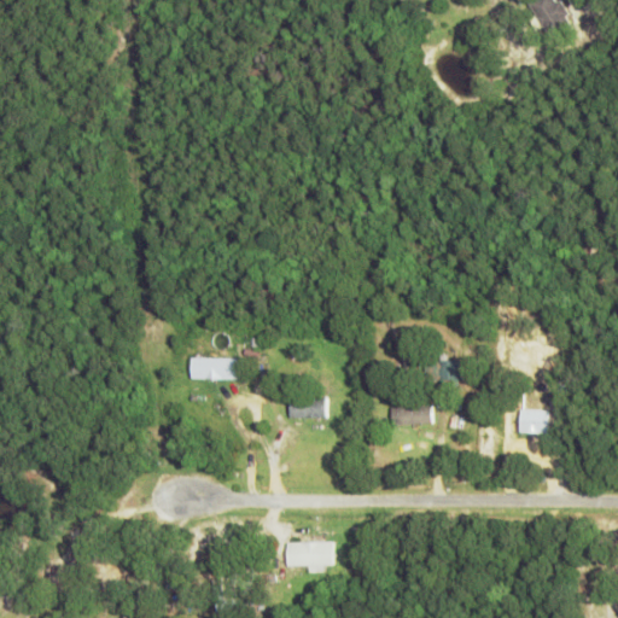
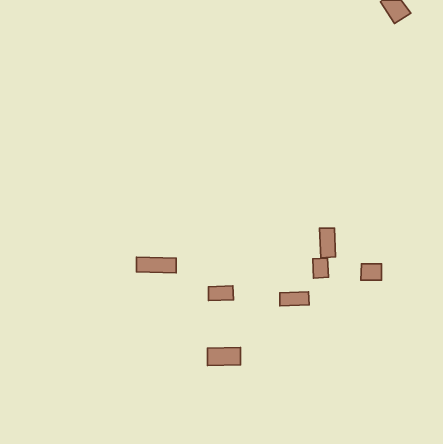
building: none -> [319,228,336,258]
building: [518,409,547,432] -> [361,264,382,280]
building: [286,541,332,566] -> [207,347,240,366]

